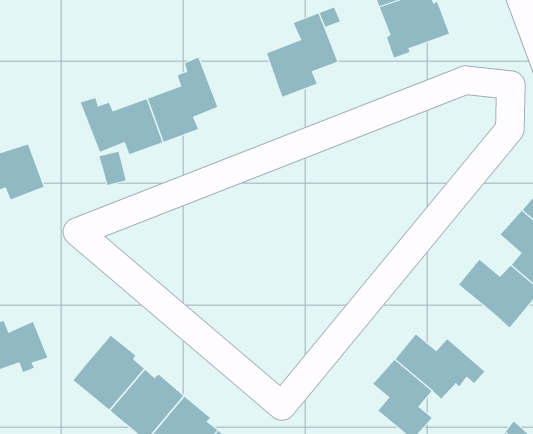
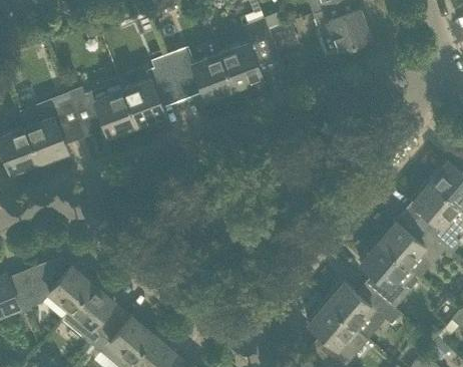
building: none -> [165,48,234,100]
building: none -> [26,93,84,162]
building: none -> [360,243,407,309]
building: none -> [30,261,93,310]

